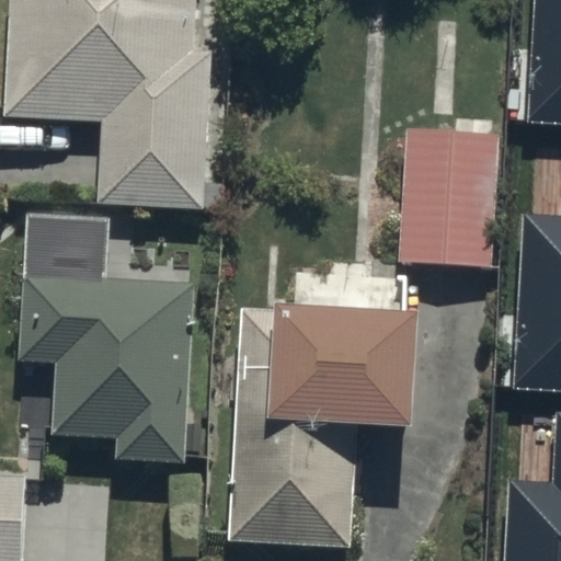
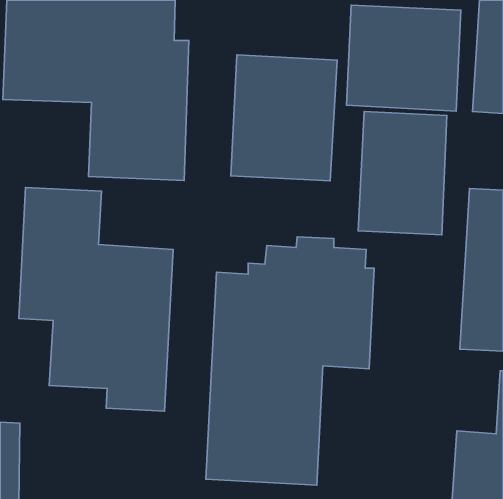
building: none -> [346,5,461,111]
building: none -> [231,55,337,181]

